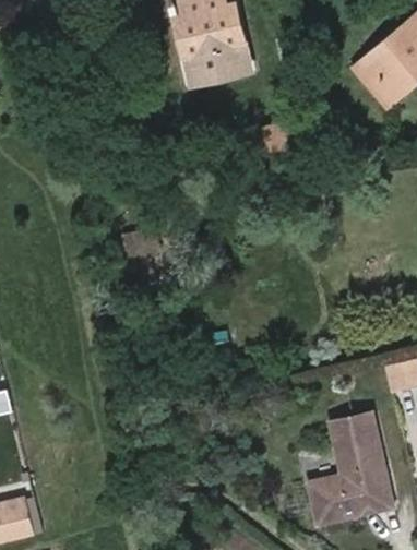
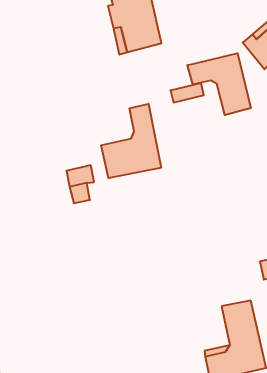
building: none -> [187,53,251,115]
building: none -> [101,104,161,178]

